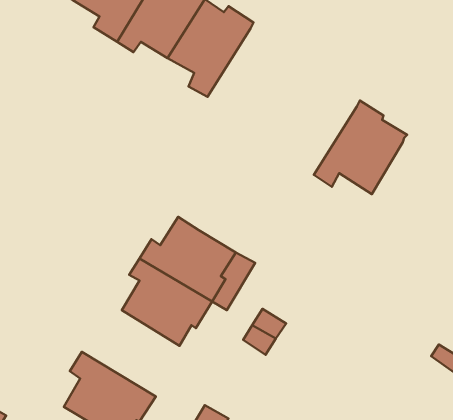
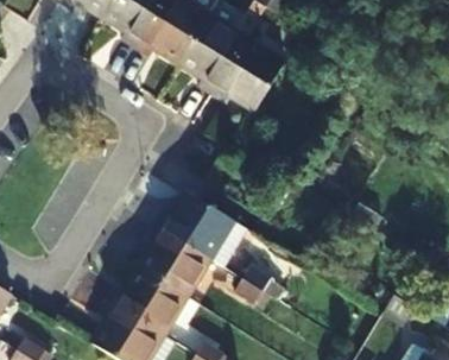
building: [314,101,407,194] -> [210,38,285,113]
building: none -> [109,269,188,337]

